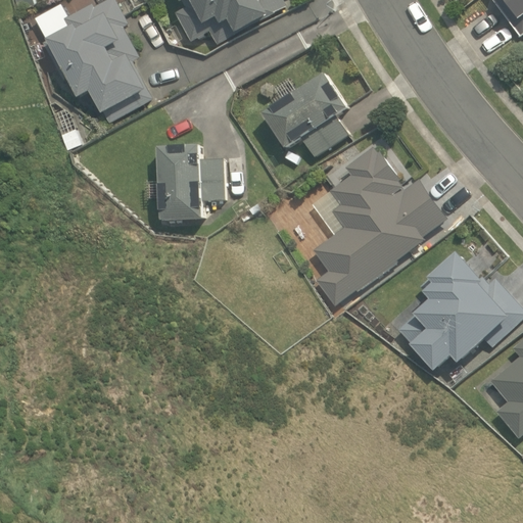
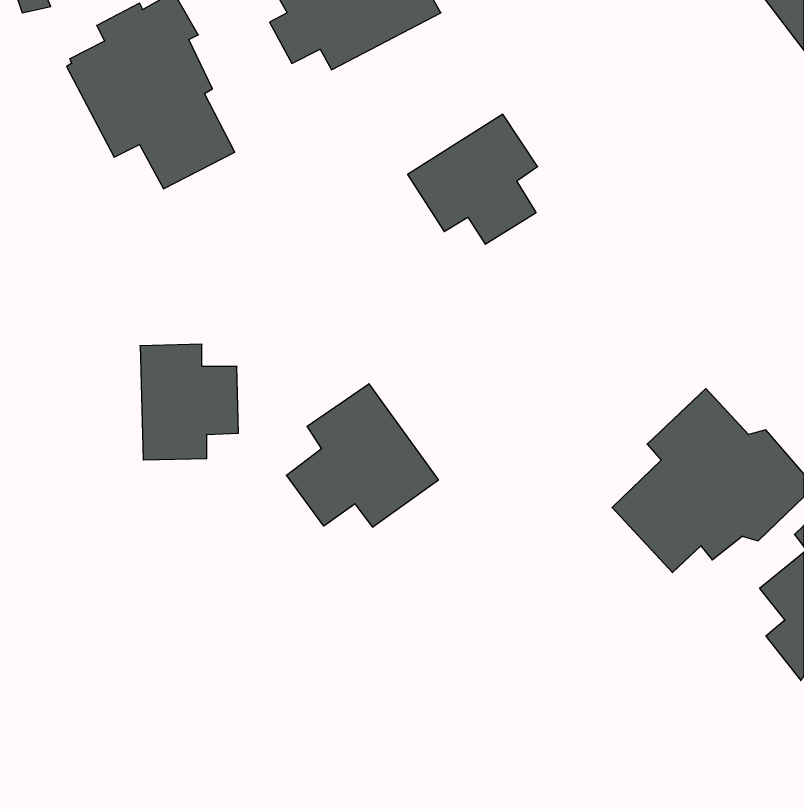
building: [158,144,222,219] -> [140,344,238,460]
building: [312,144,445,304] -> none
building: none -> [286,384,438,527]

